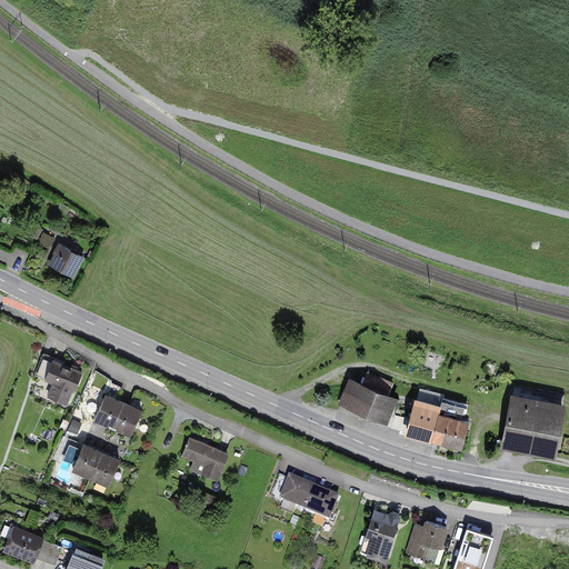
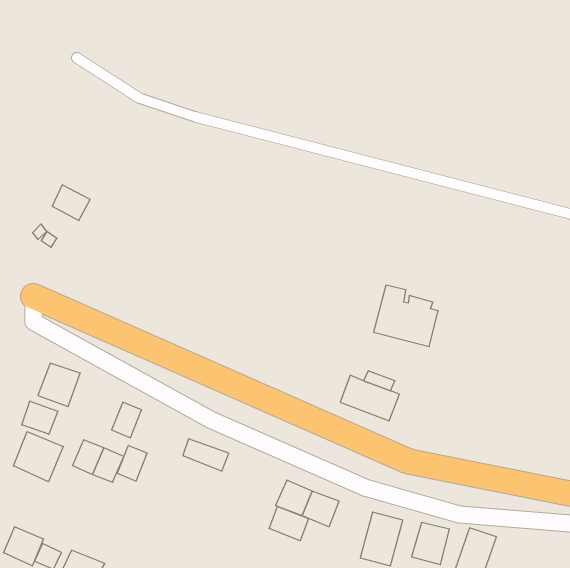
building: [48,241,86,277] -> [52,185,90,221]
building: [407,387,471,448] -> [374,285,438,347]
building: [92,395,122,430] -> [117,445,147,481]
building: [496,396,561,461] -> none
building: none -> [22,401,58,434]
building: none -> [13,432,63,482]
building: none -> [269,506,309,541]

